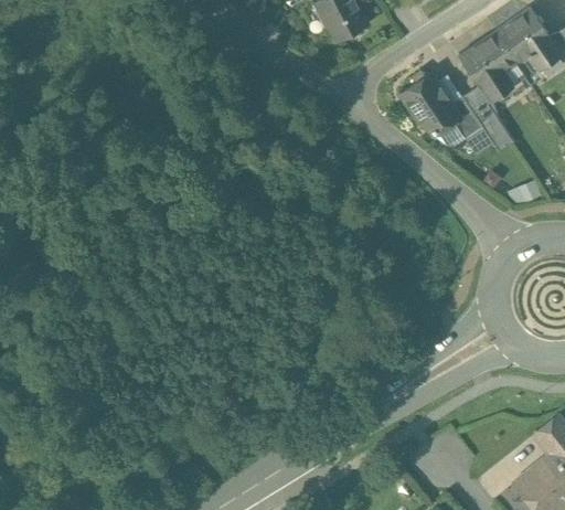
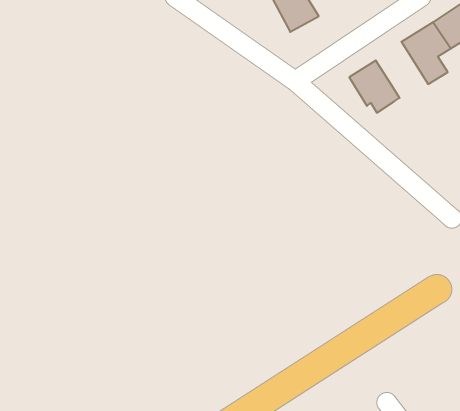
building: [450,87,511,153] -> none

